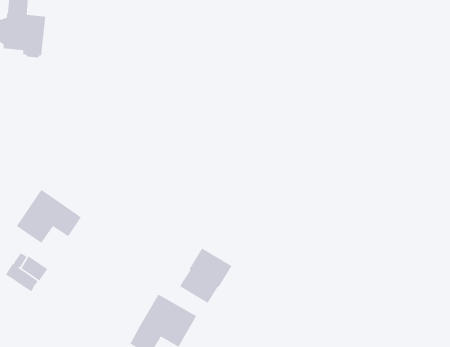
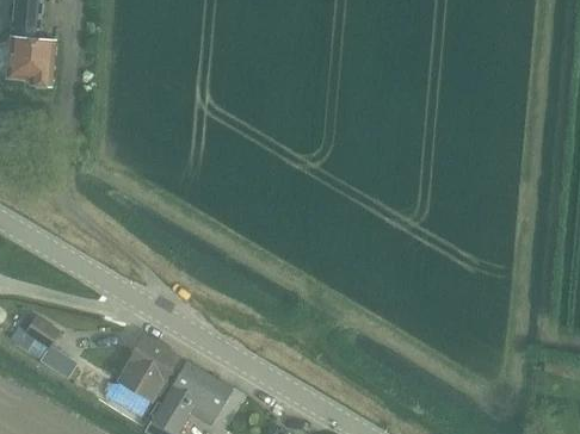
building: [16,189,82,244] -> none
building: [179,247,233,304] -> [118,335,180,401]

